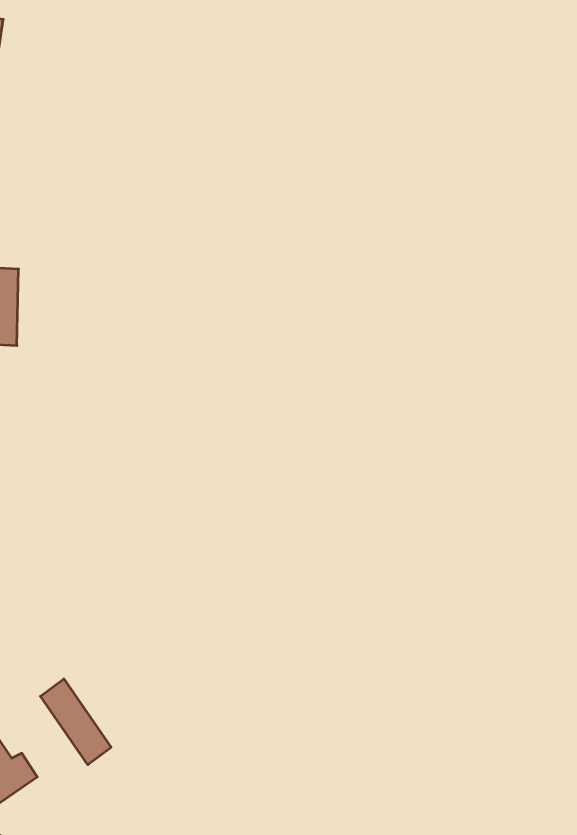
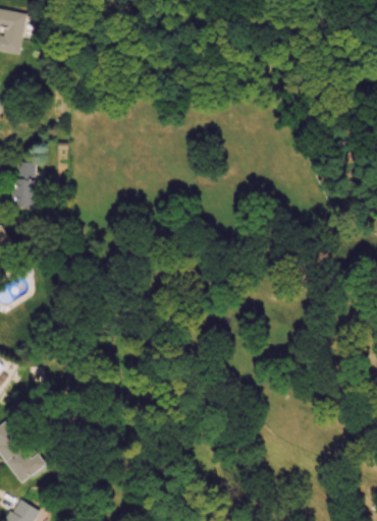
building: [40,679,111,765] -> none

